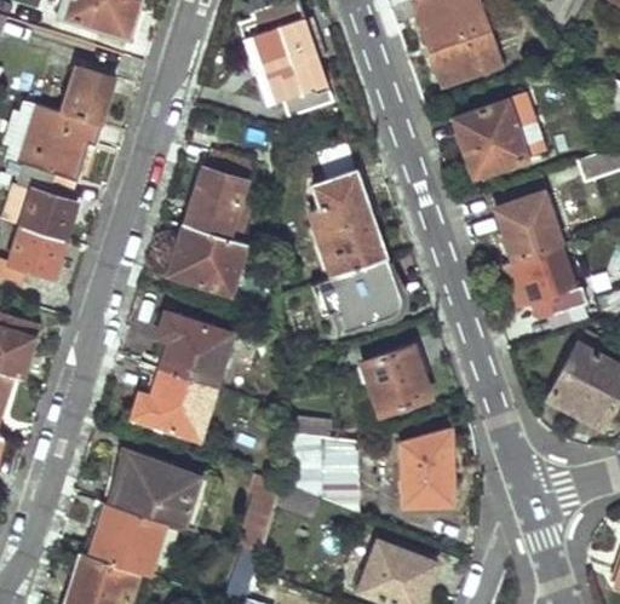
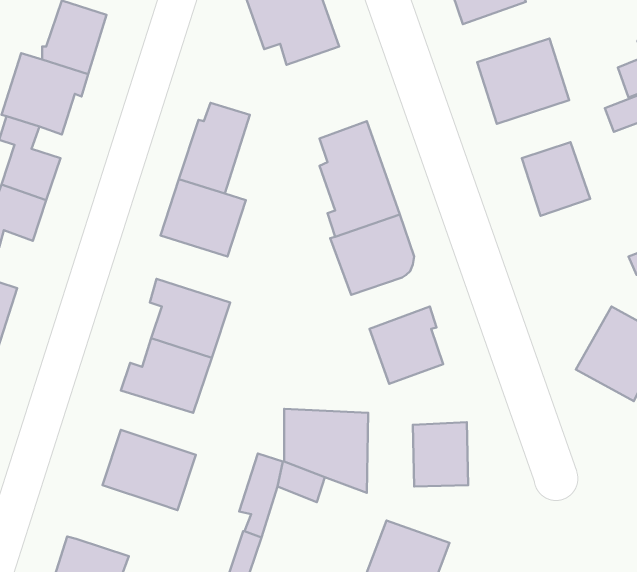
building: [506,238,587,315] -> none
building: [90,504,165,575] -> none

